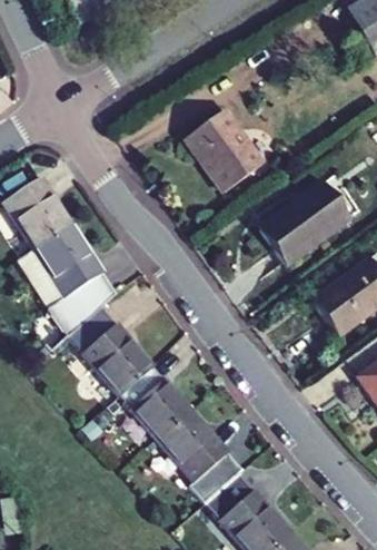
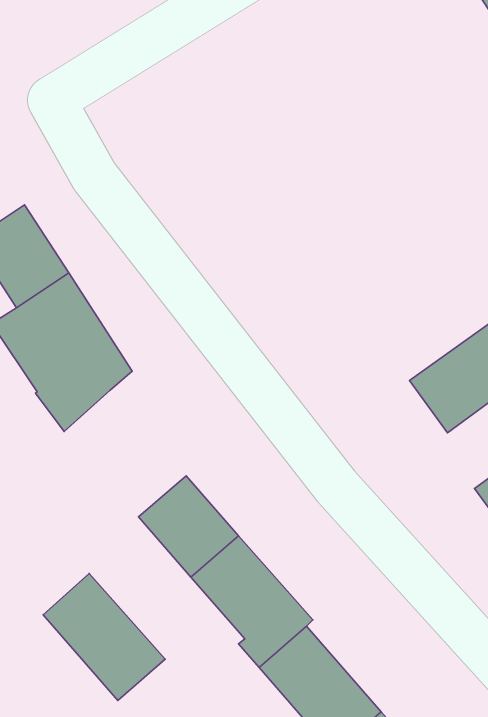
building: [186,108,264,191] -> none
building: [259,180,350,264] -> none
building: [69,306,155,395] -> [43,574,165,700]

